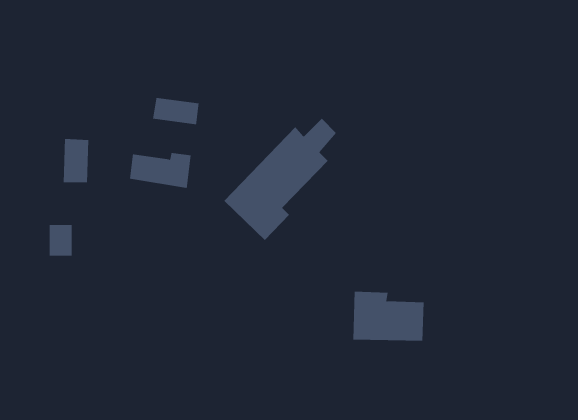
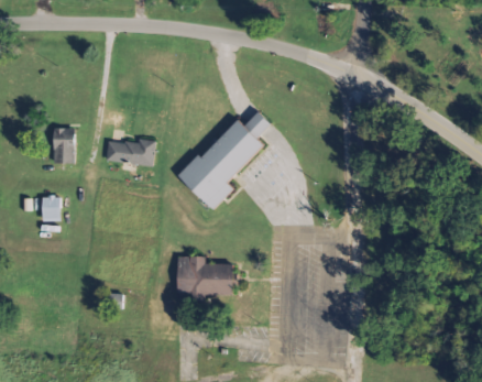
building: [153,97,199,125] -> none
building: [353,291,425,341] -> [177,257,234,296]

